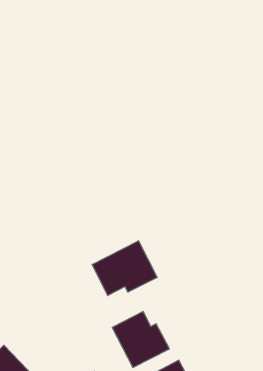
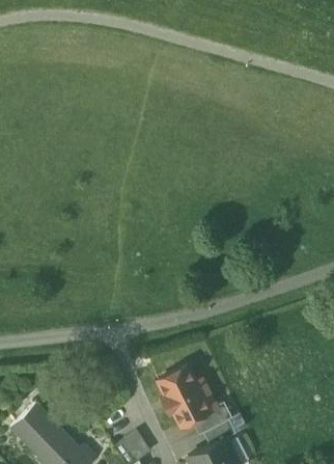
building: [92,241,157,296] -> none

